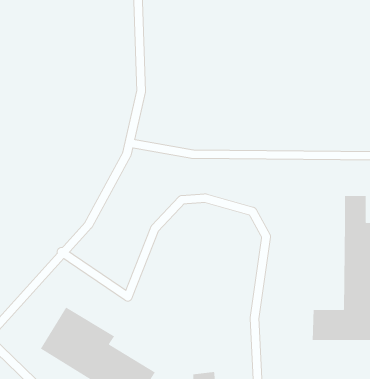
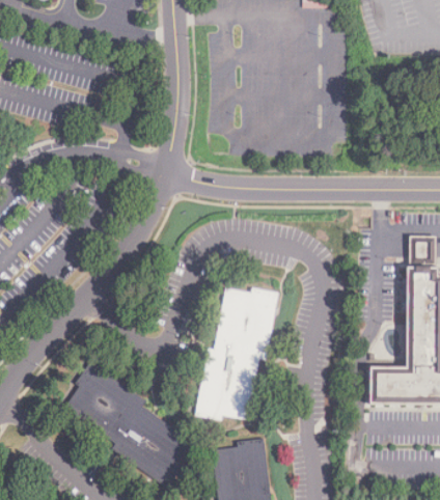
building: none -> [195,284,276,424]

